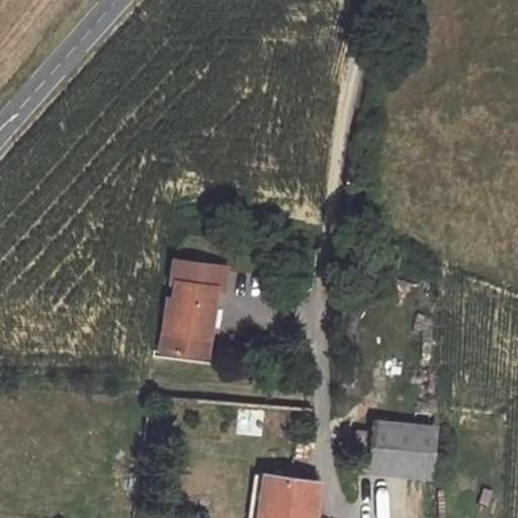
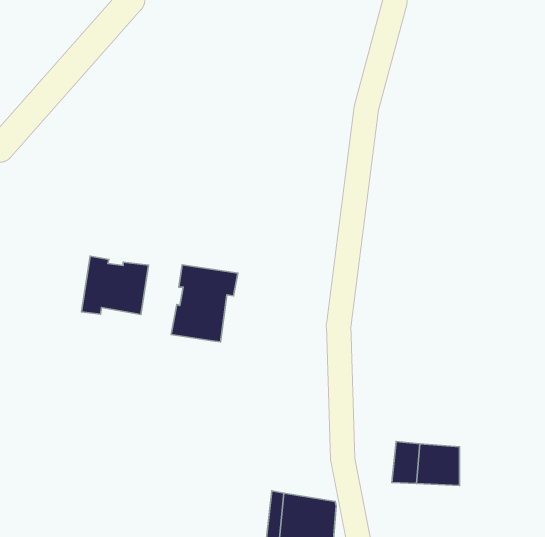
building: none -> [82,256,148,314]
building: [160,326,210,359] -> none

